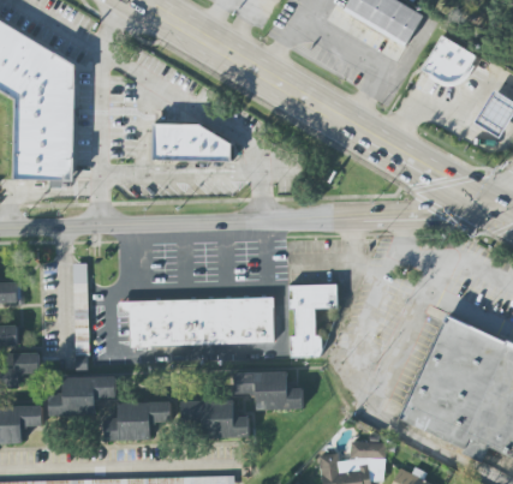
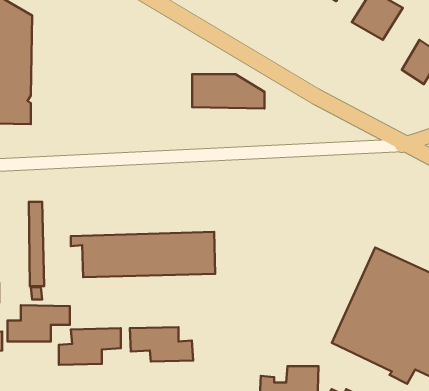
building: [149,126,227,163] -> [192,74,264,108]
building: [288,283,338,358] -> none
building: [234,371,303,410] -> none

